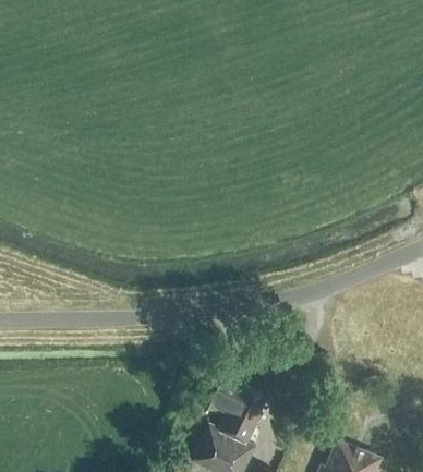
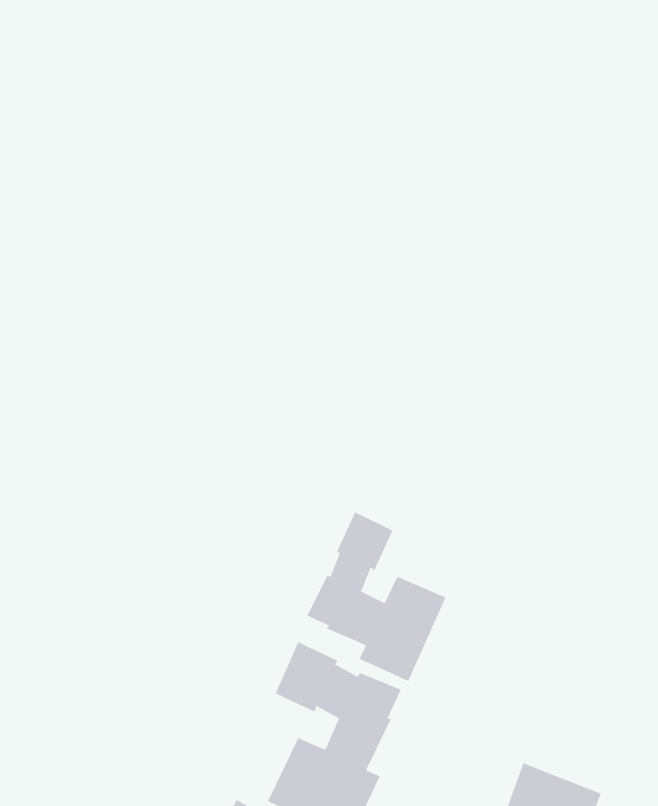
building: none -> [306,511,446,682]

